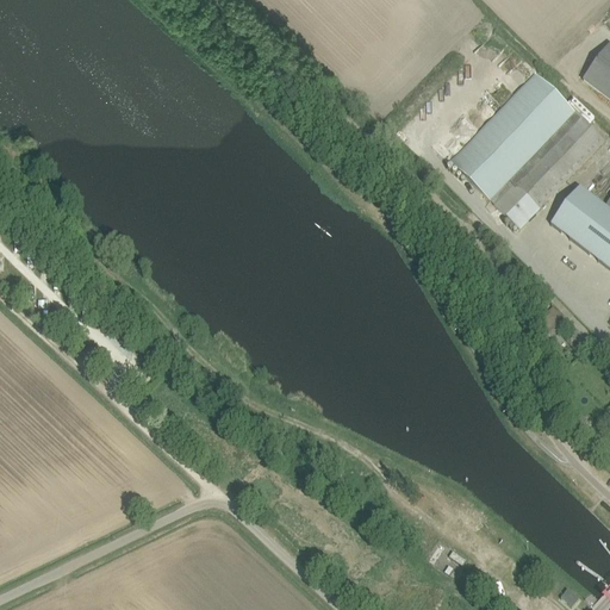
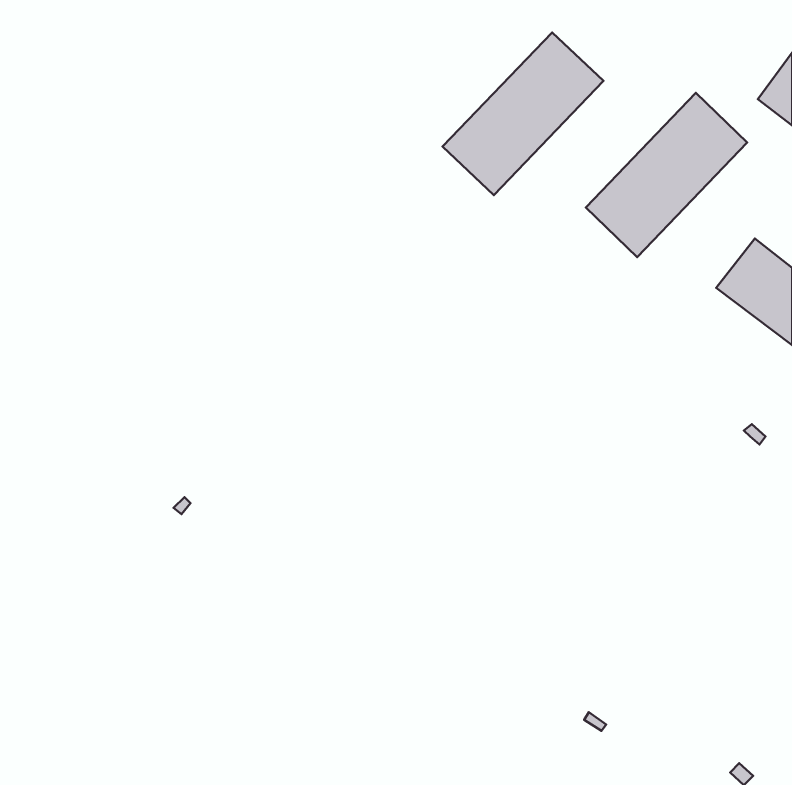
building: none -> [443,32,603,195]
building: [494,114,604,226] -> none

